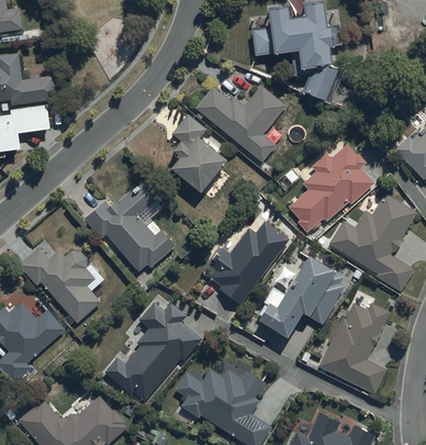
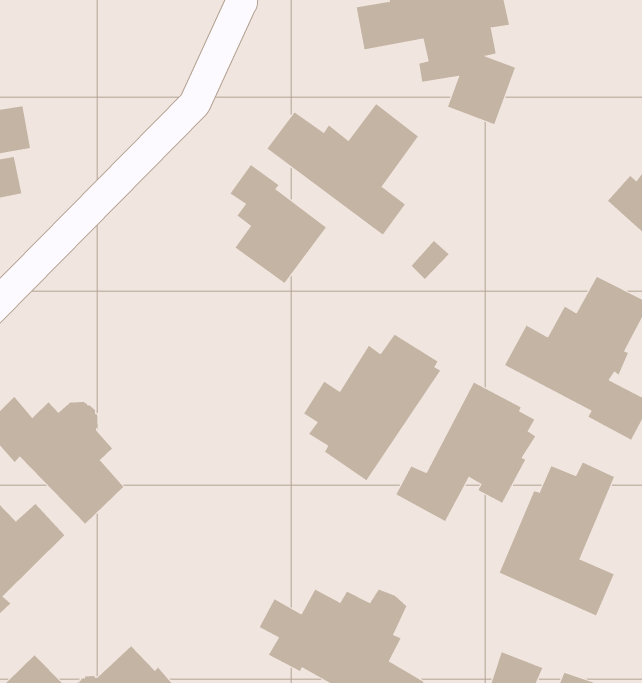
building: [289,144,374,233] -> none
building: [85,181,175,271] -> none
building: [103,302,201,402] -> none

